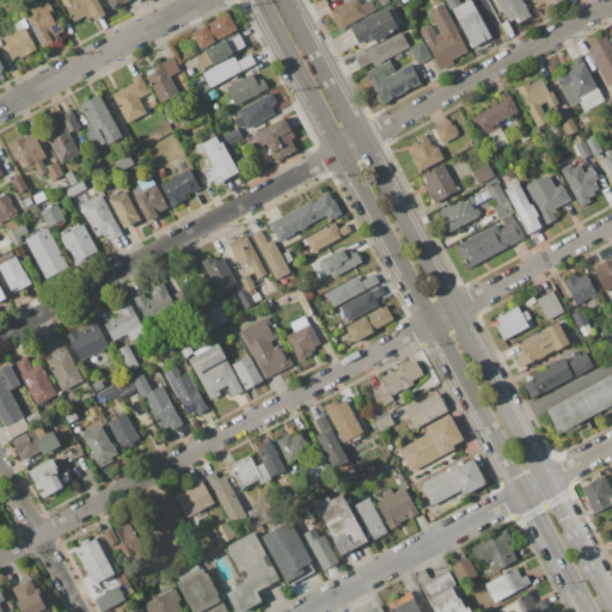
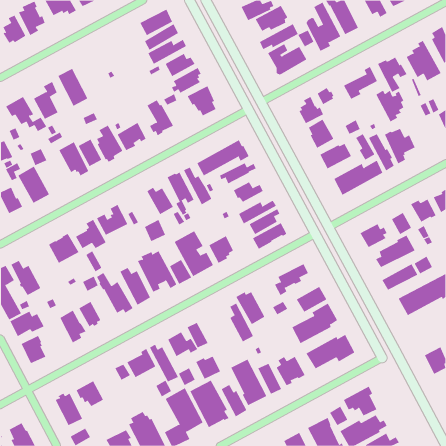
building: [145,56,180,103] -> none
building: [112,74,149,123] -> none
building: [559,164,599,208] -> [375,90,404,122]
building: [56,222,98,265] -> none
building: [44,337,82,392] -> none
building: [276,432,311,464] -> [196,356,221,379]

